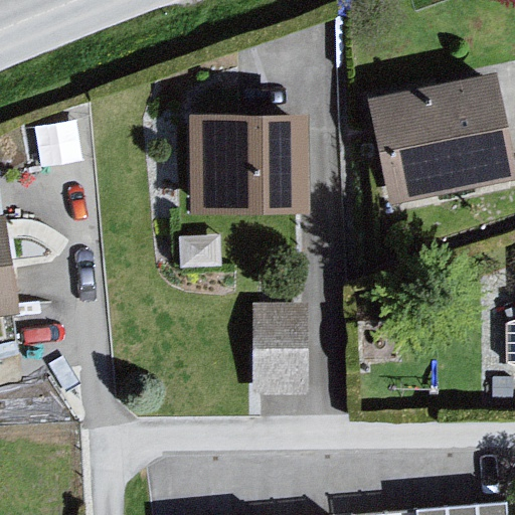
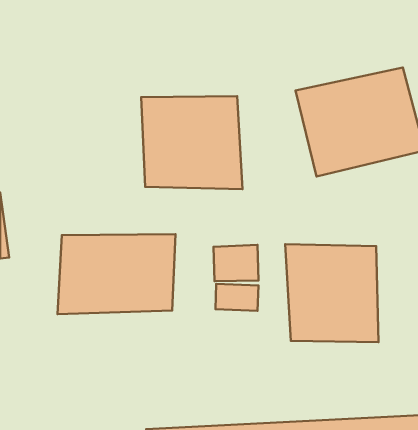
building: none -> [57,234,176,314]
building: none -> [285,244,379,342]

